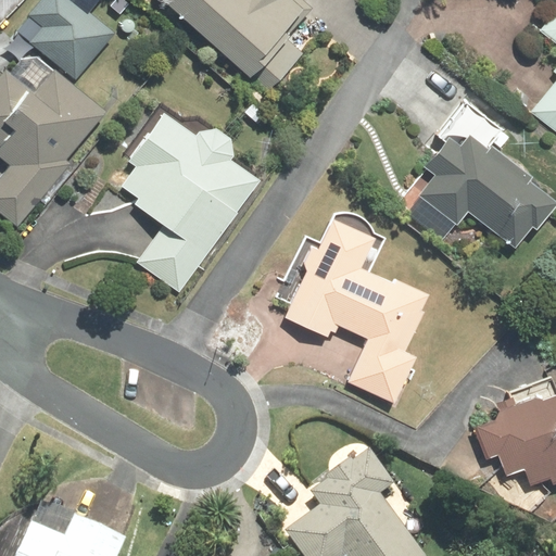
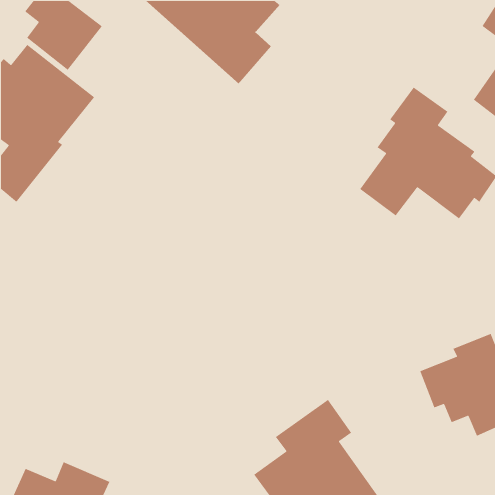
building: [121,105,262,294] -> none
building: [278,208,431,403] -> none

